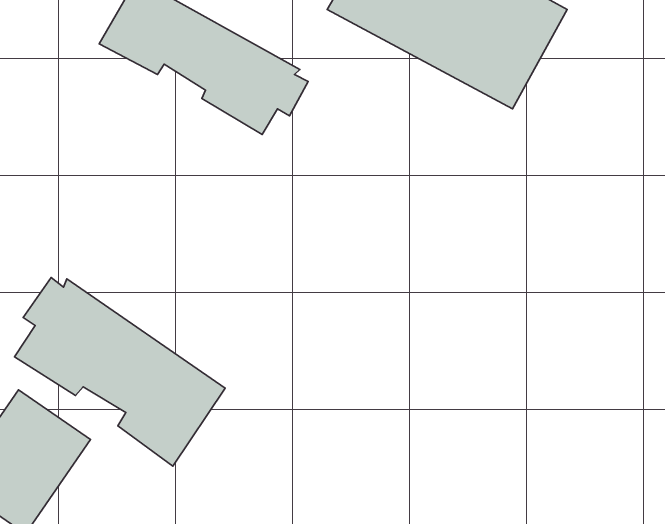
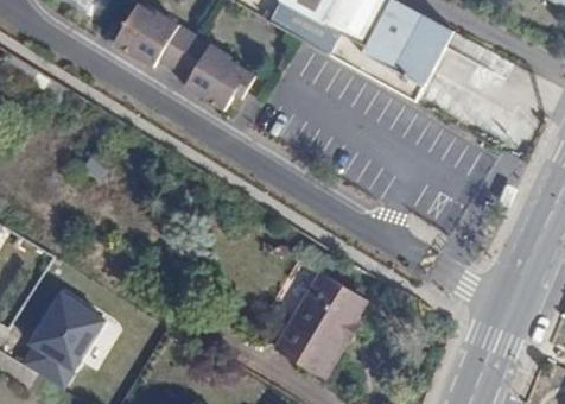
building: [15,277,225,466] -> none
building: none -> [272,271,364,379]

